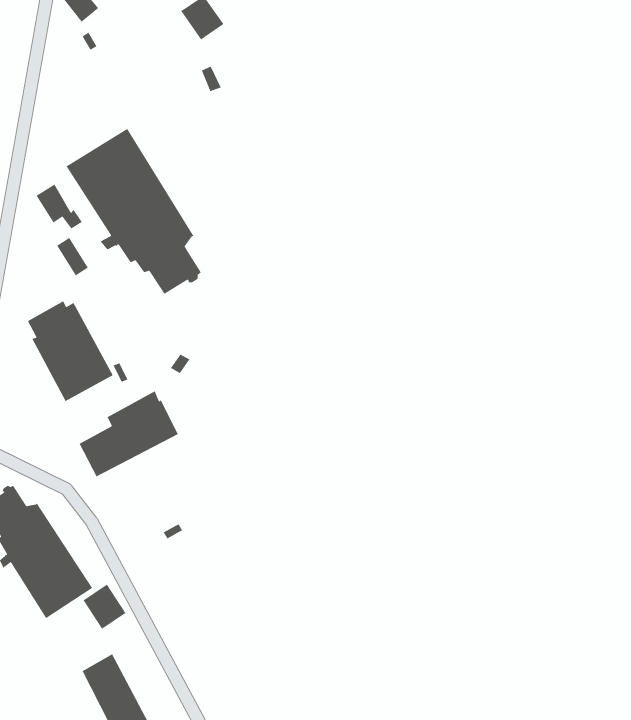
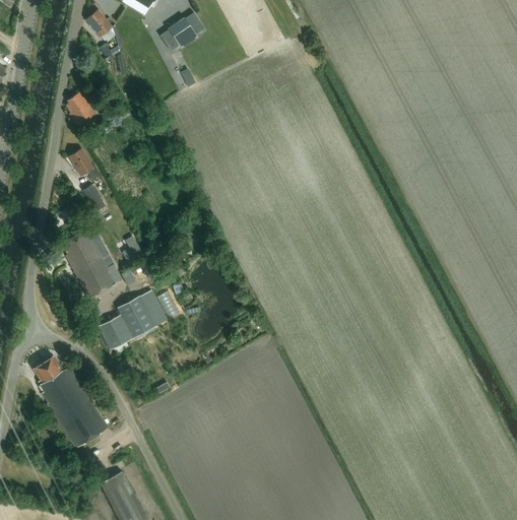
building: none -> [65,91,94,126]
building: [66,128,202,295] -> none
building: [82,584,127,630] -> none

